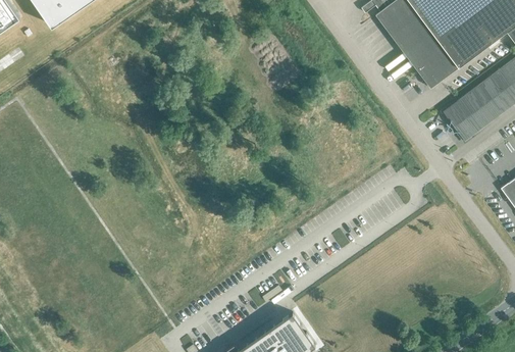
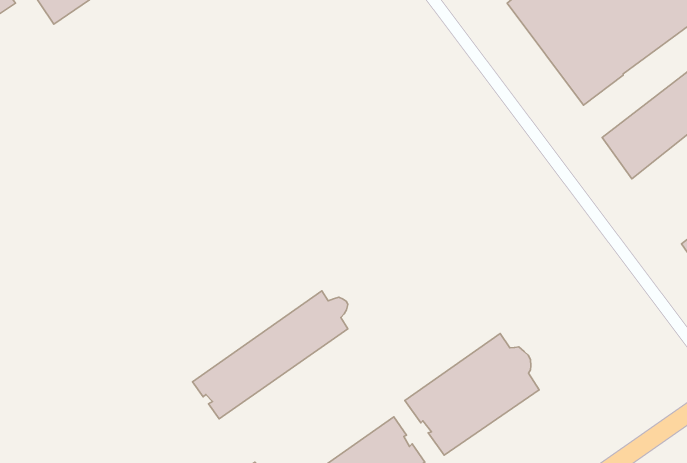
building: none -> [192,291,348,419]
building: none -> [405,333,539,455]

